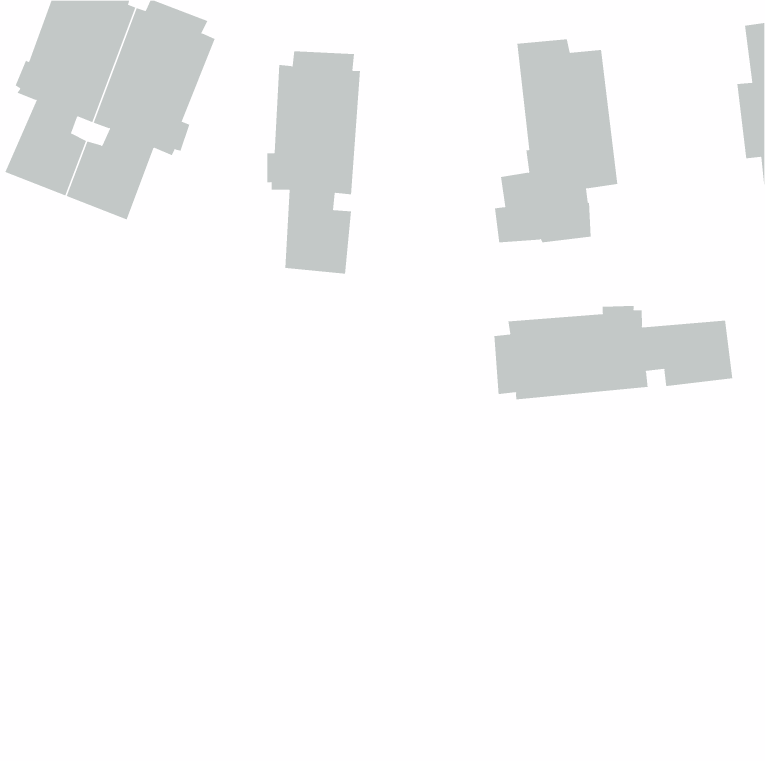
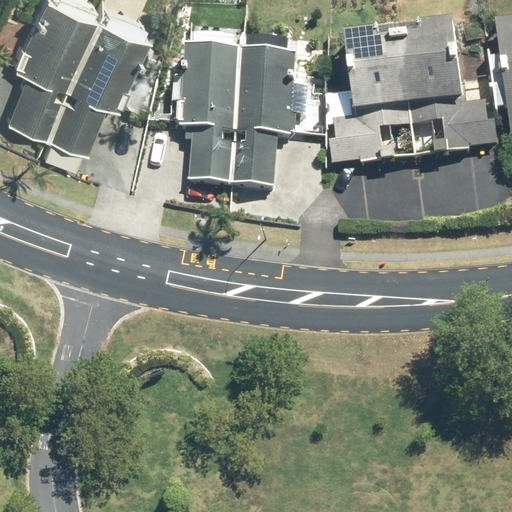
building: none -> [402,20,498,157]
building: none -> [231,40,297,189]
building: [494,305,733,400] -> none

